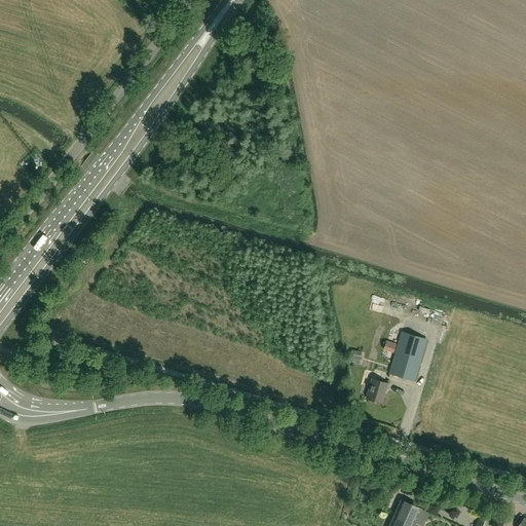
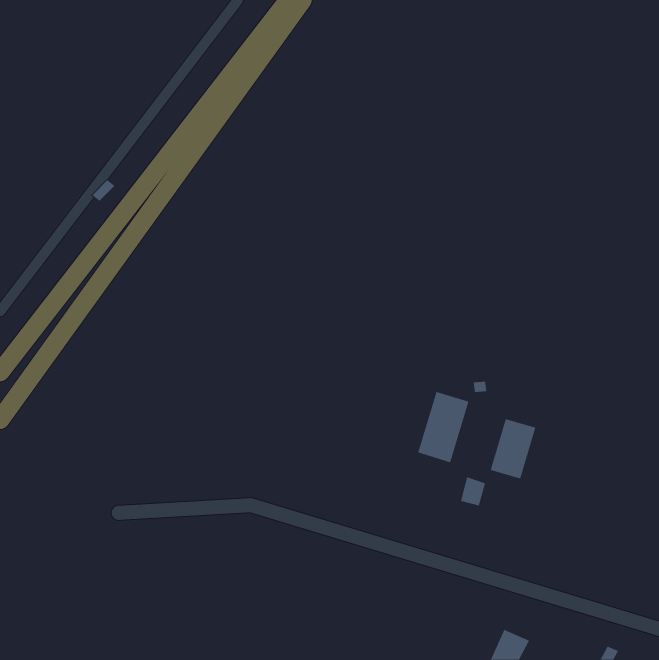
building: none -> [418,391,469,463]

